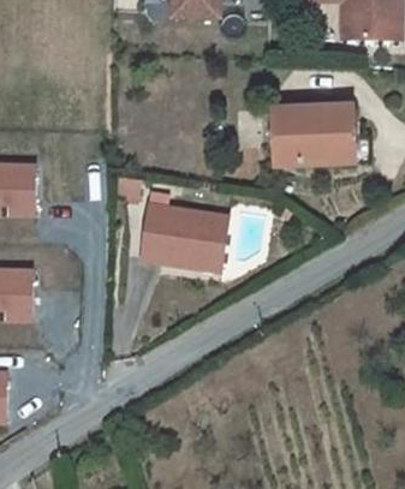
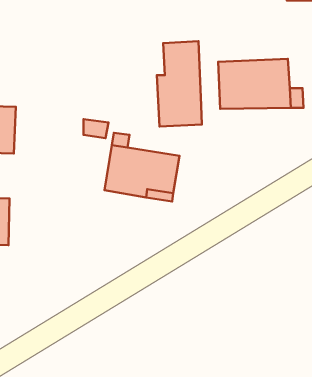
building: none -> [157,41,202,126]

